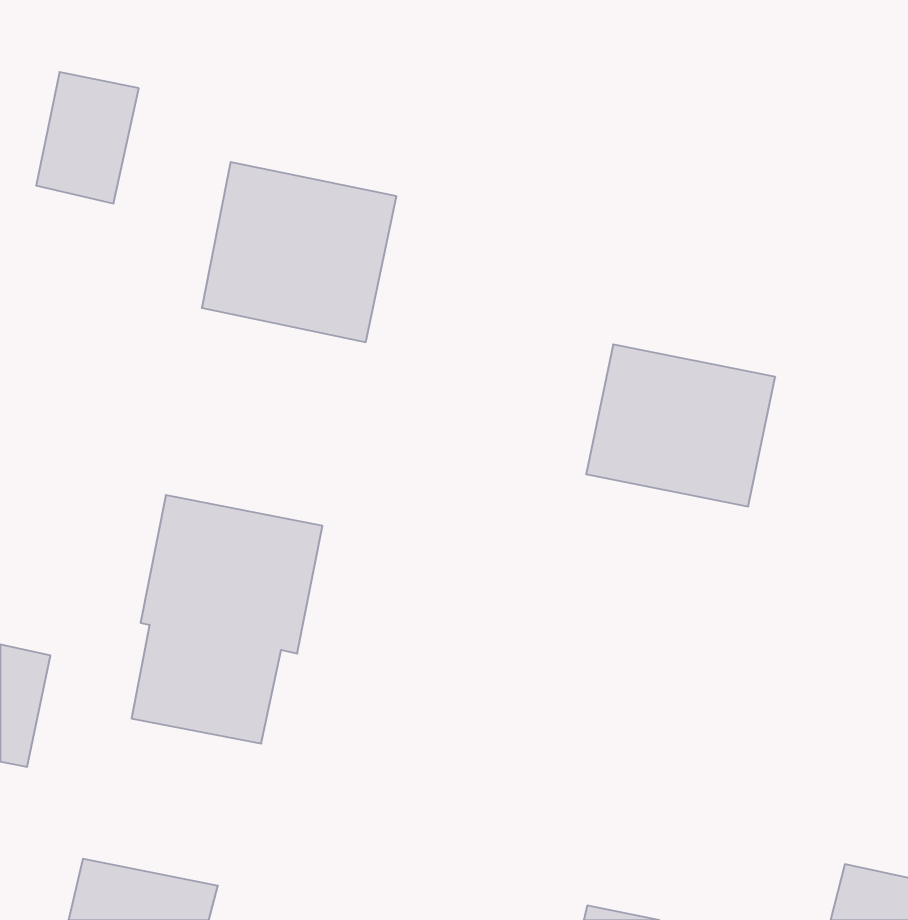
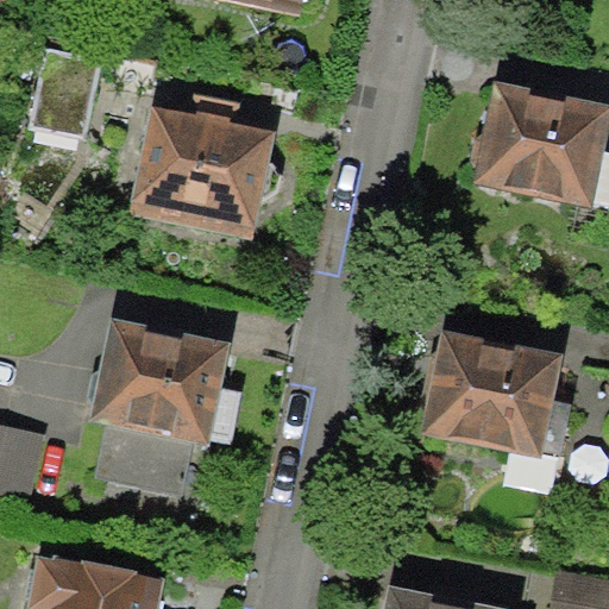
building: none -> [478,92,598,194]
building: [586,344,775,506] -> [426,340,551,447]

